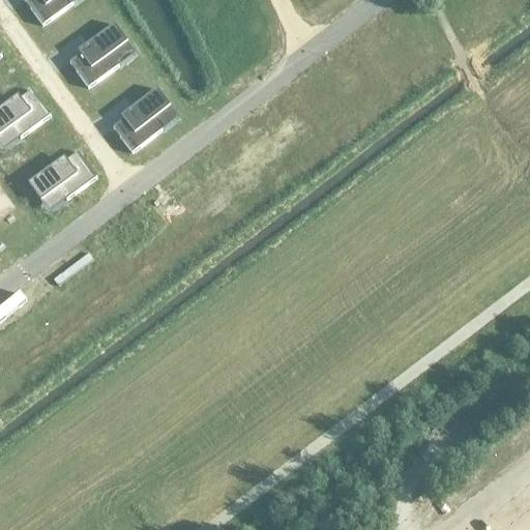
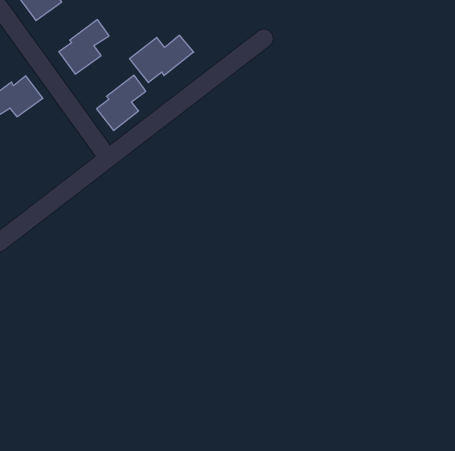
building: none -> [130,35,194,83]
building: [28,150,95,199] -> none

